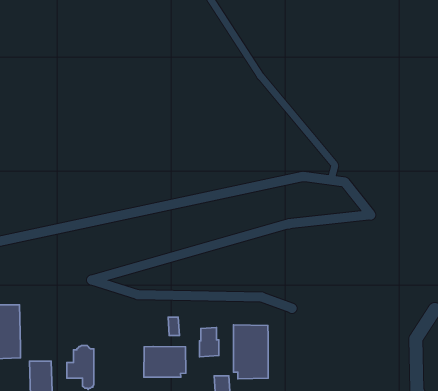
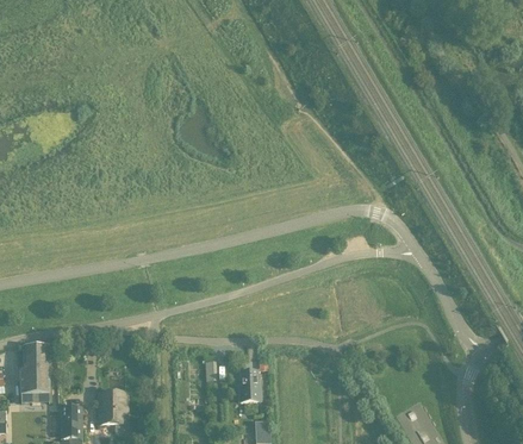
building: [233,325,268,379] -> none
building: [144,347,186,377] -> none

